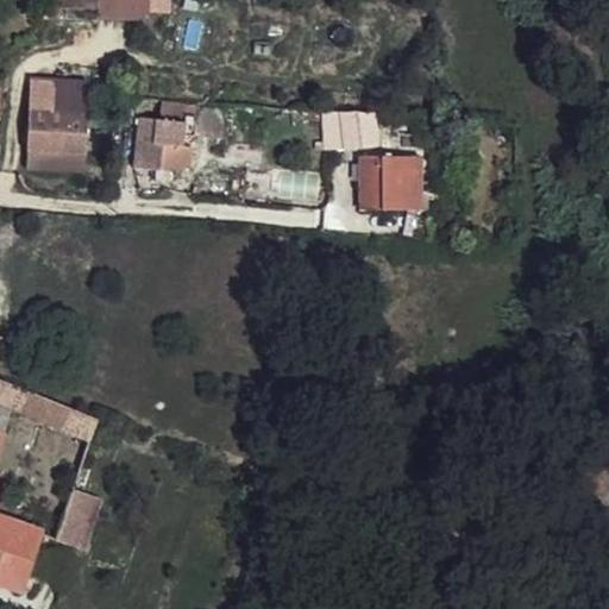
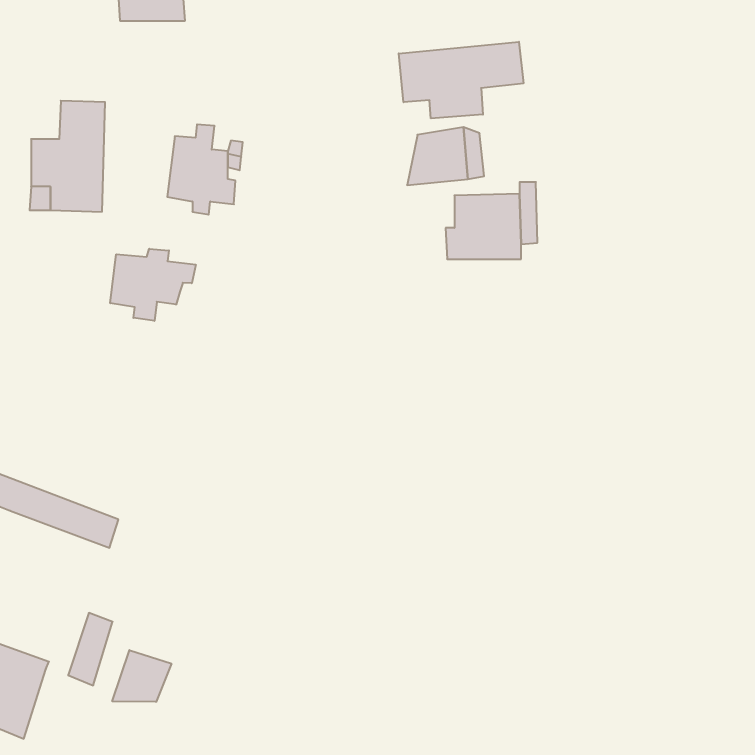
building: none -> [399,42,523,118]
building: none -> [110,249,196,321]
building: none -> [112,650,171,702]

